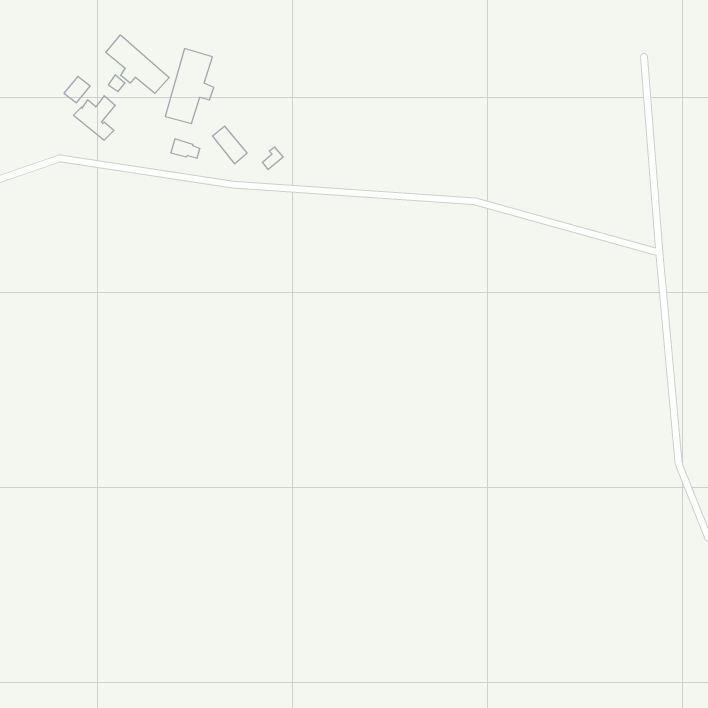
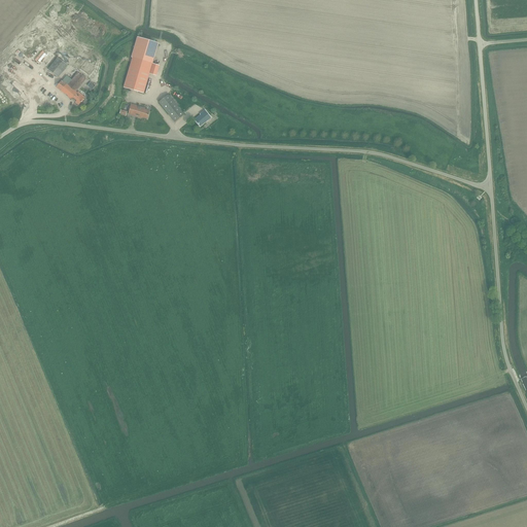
building: [106,35,169,93] -> none

